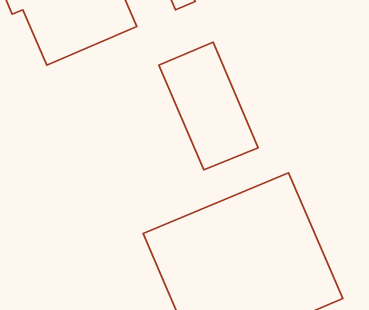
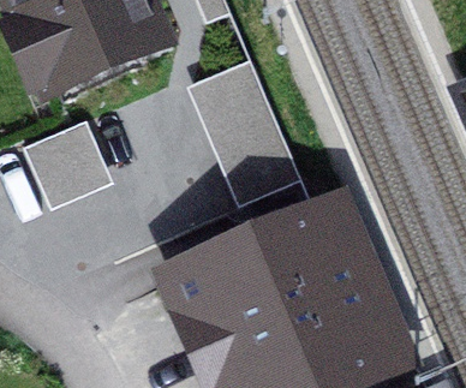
building: none -> [34,120,115,203]

